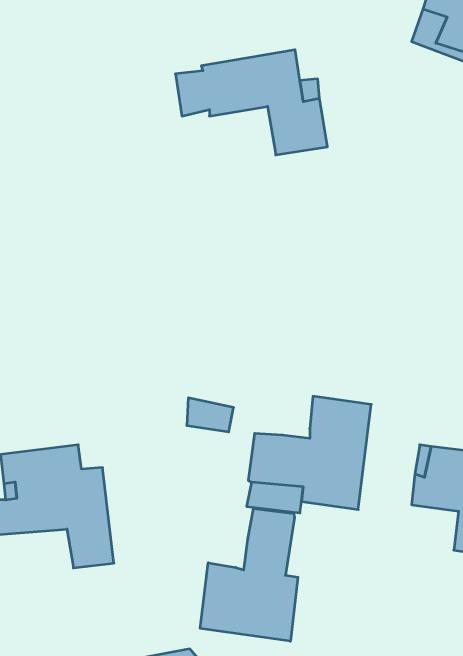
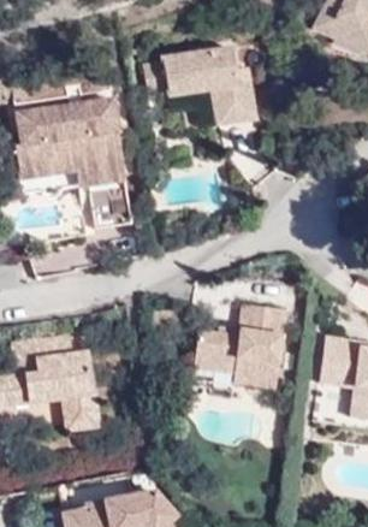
building: none -> [18,99,132,229]
building: [200,509,298,641] -> none

